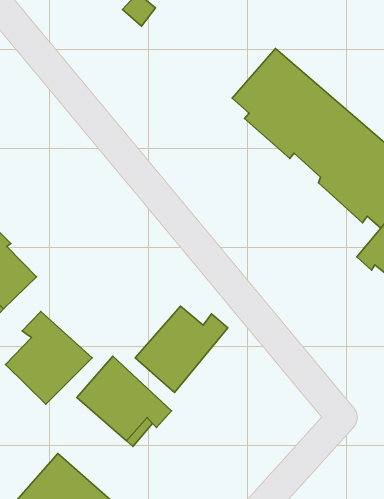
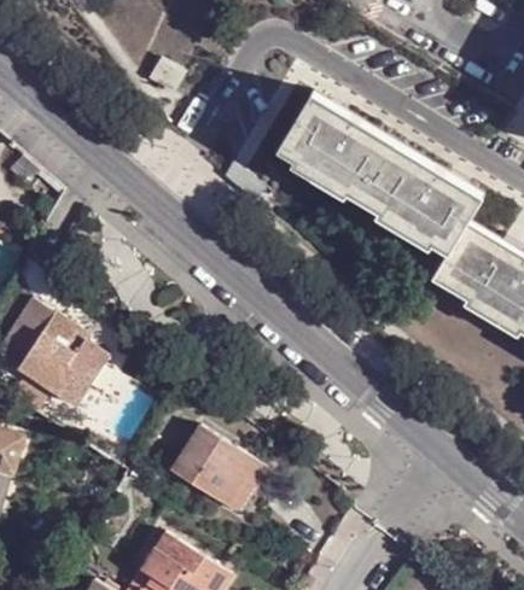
building: [135,306,228,392] -> none
building: [6,311,92,404] -> none

